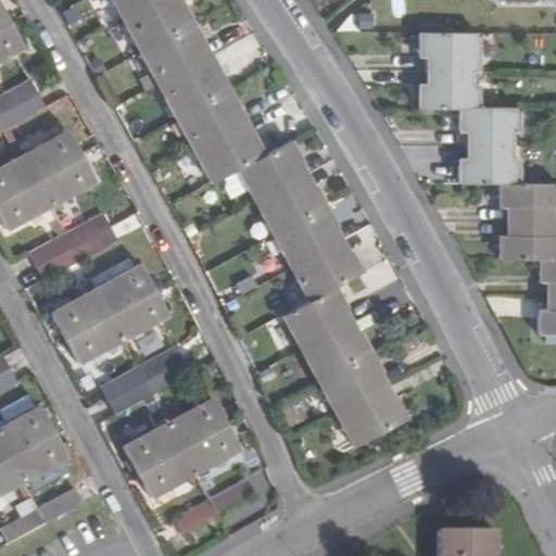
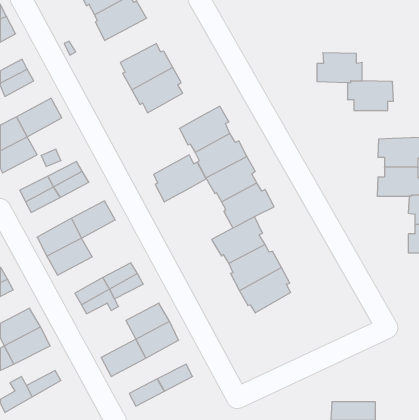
building: [139,24,208,91] -> none
building: [420,31,480,71] -> none
building: [197,123,266,185] -> [154,155,206,202]
building: [460,146,521,184] -> none
building: [38,155,96,204] -> none
building: [110,290,167,339] -> none
building: [339,386,409,448] -> none
building: [123,422,181,471] -> none

